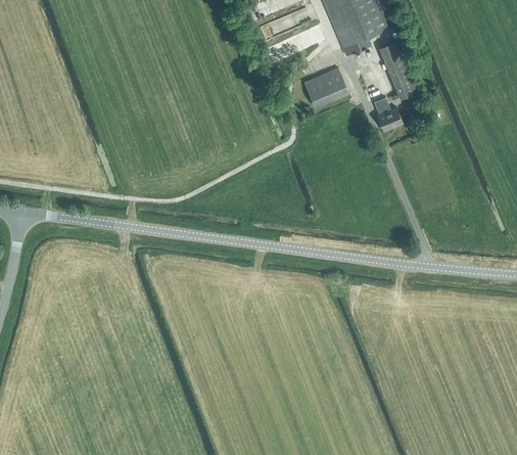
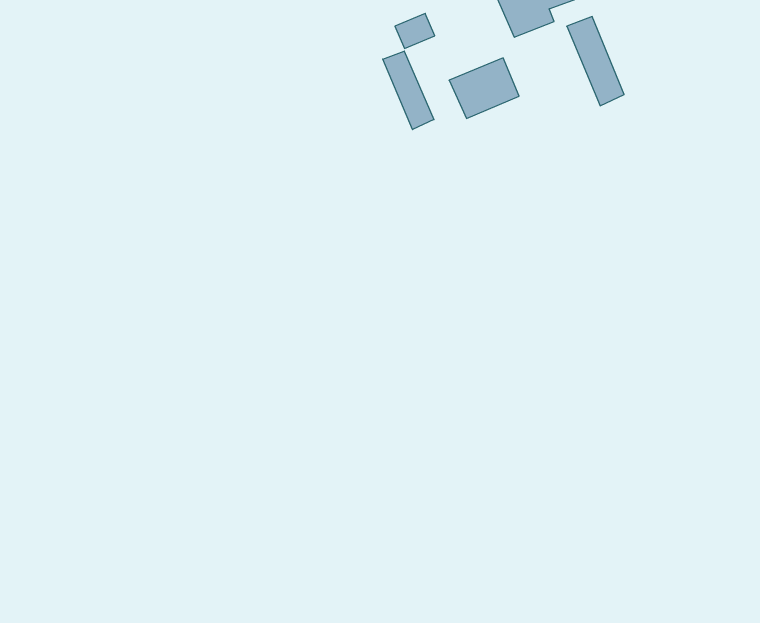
building: none -> [383,51,434,130]
building: [373,97,402,130] -> none

